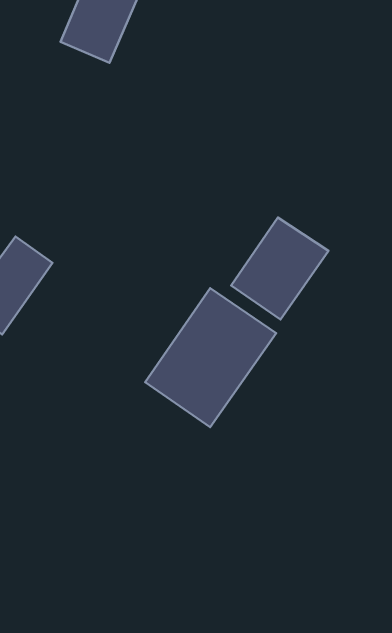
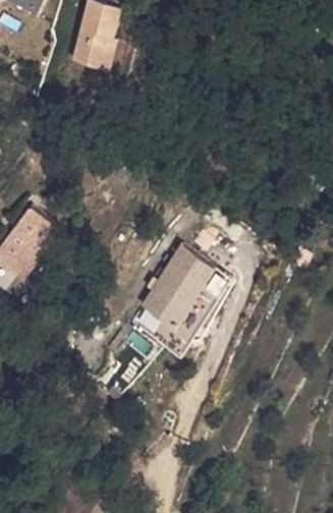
building: [231,218,329,319] -> none

